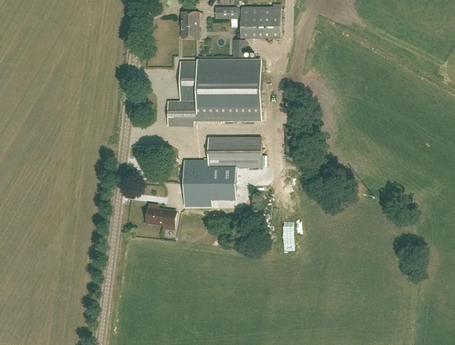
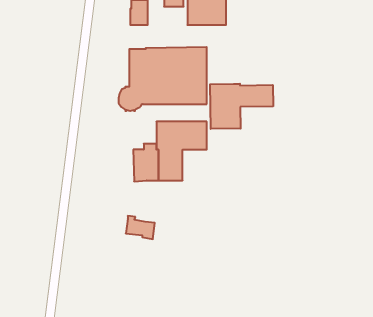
building: none -> [210,84,273,129]
building: [145,204,175,228] -> [126,216,155,239]

